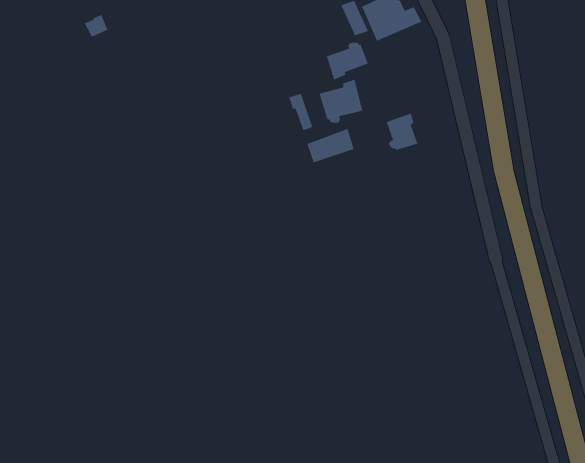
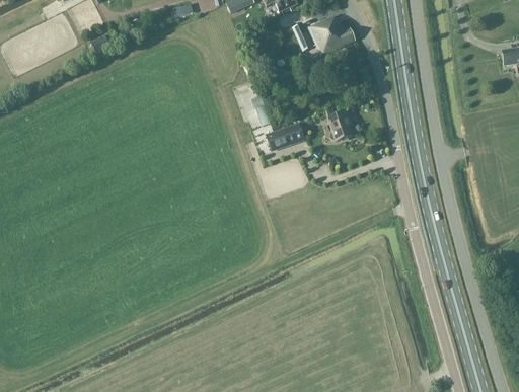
building: [326,42,369,81] -> none
building: [319,79,363,124] -> none

